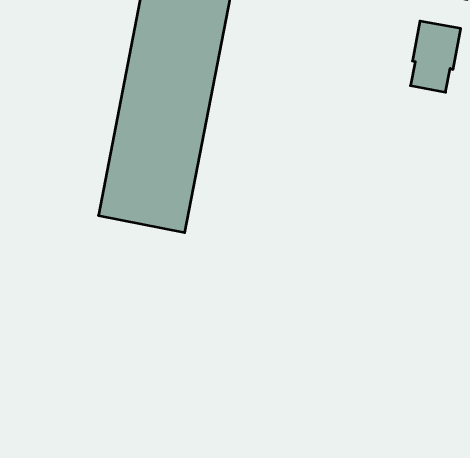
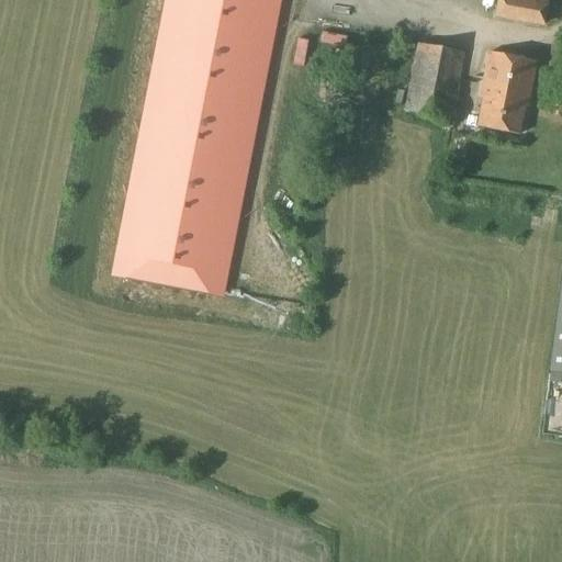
building: none -> [404,41,467,120]

